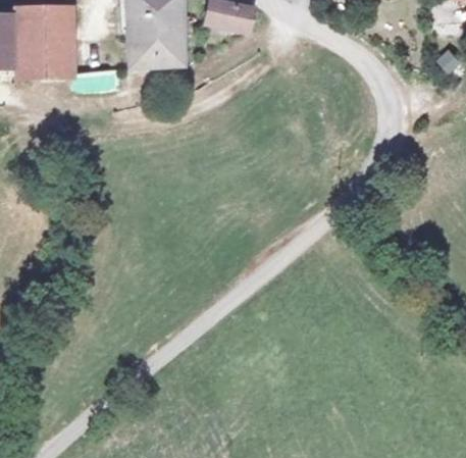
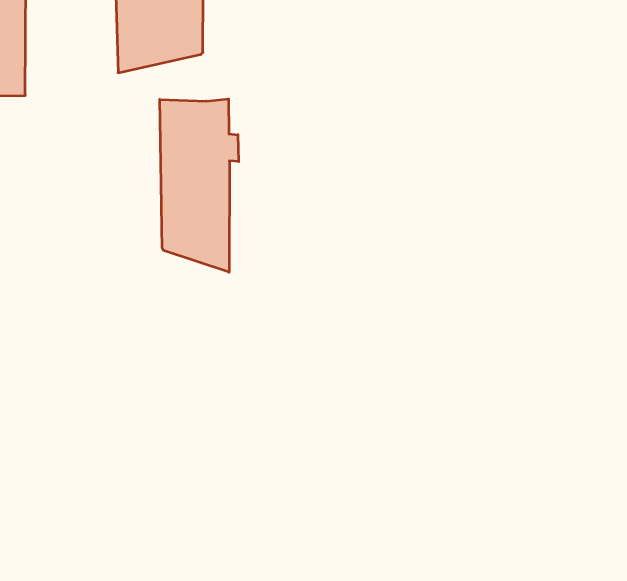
building: none -> [160,99,239,272]

